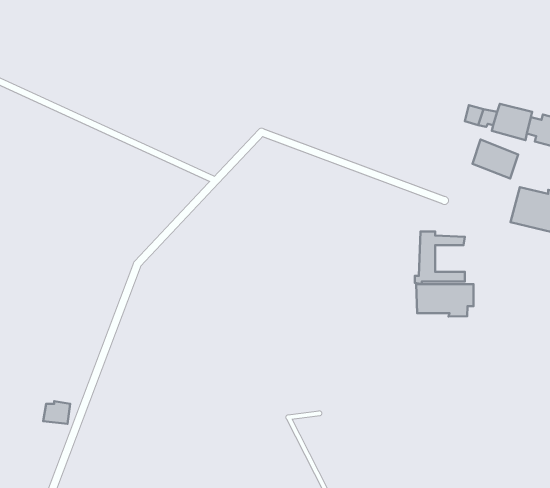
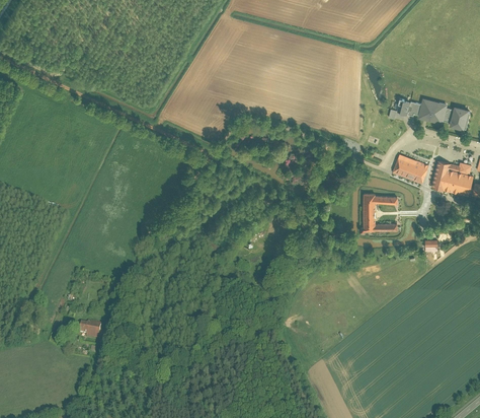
building: [472,140,518,179] -> [393,154,427,184]
building: [416,284,474,316] -> none

